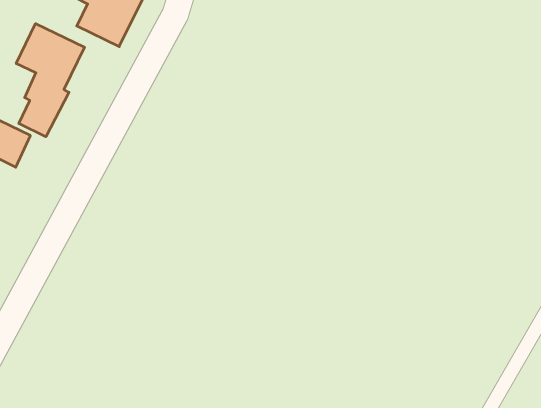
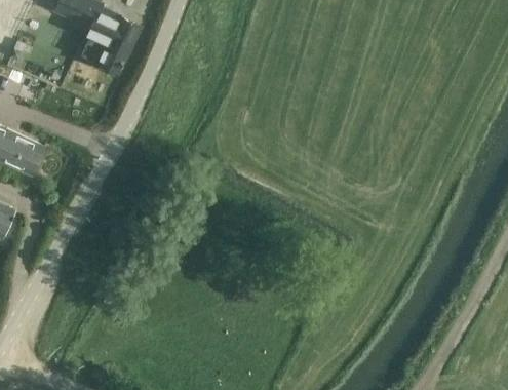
building: [16,24,84,137] -> none

